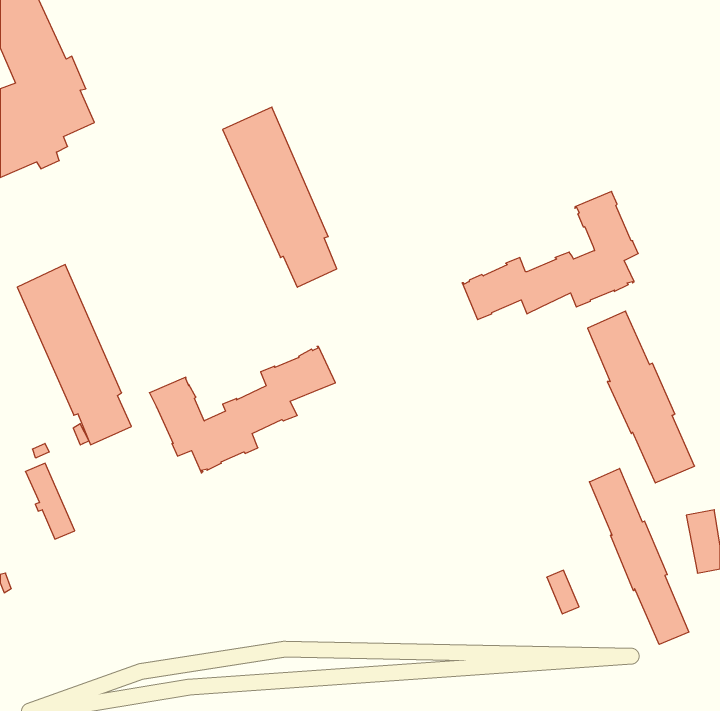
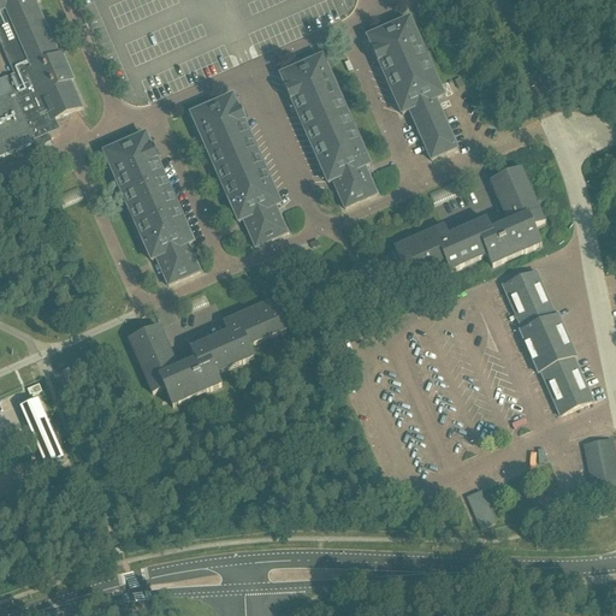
building: none -> [367,16,456,156]
building: none -> [280,54,377,206]
building: [17,265,131,445] -> [103,130,201,284]
building: [589,468,689,644] -> none

